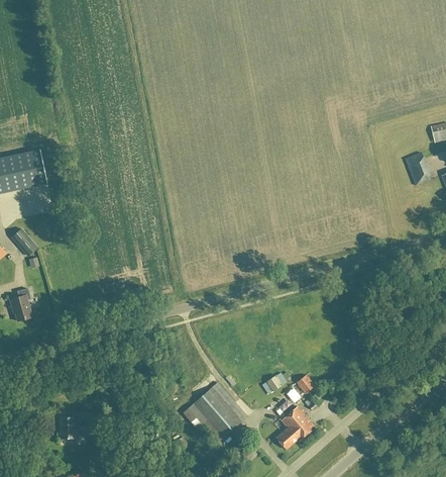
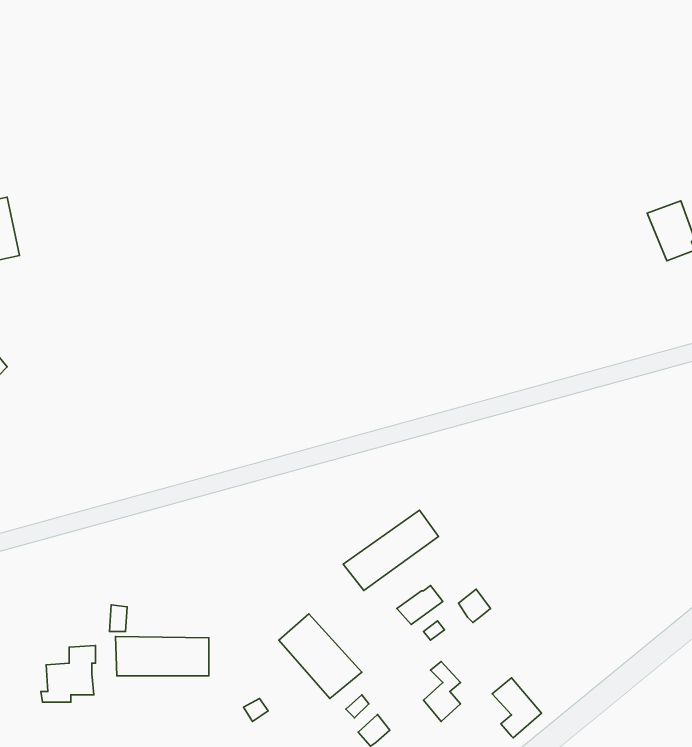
building: none -> [343,510,438,590]
building: none -> [116,637,209,676]
building: [286,406,314,441] -> [492,678,541,738]

